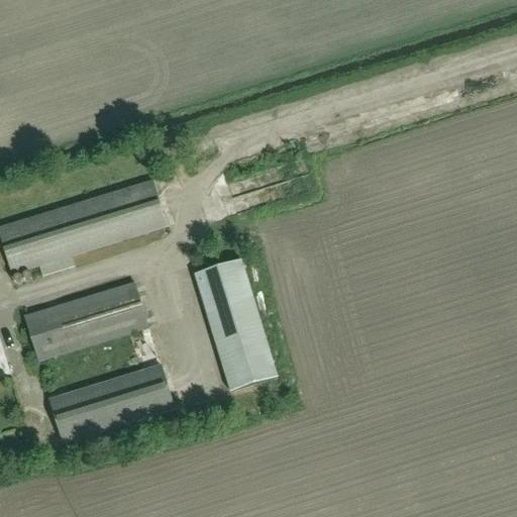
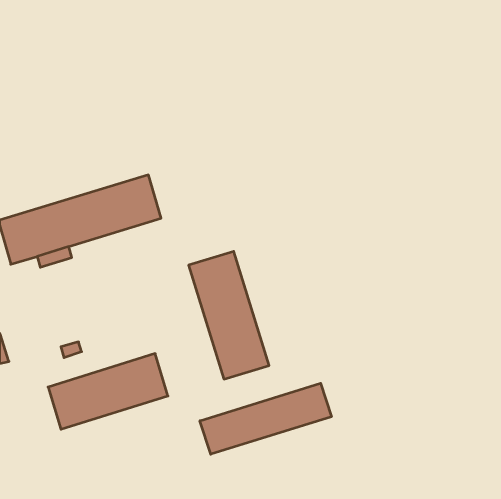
building: [24,281,147,359] -> none
building: none -> [200,383,331,454]

